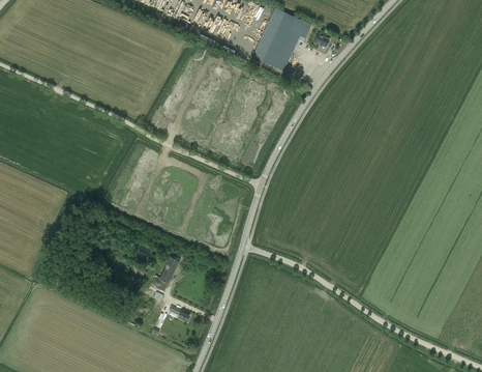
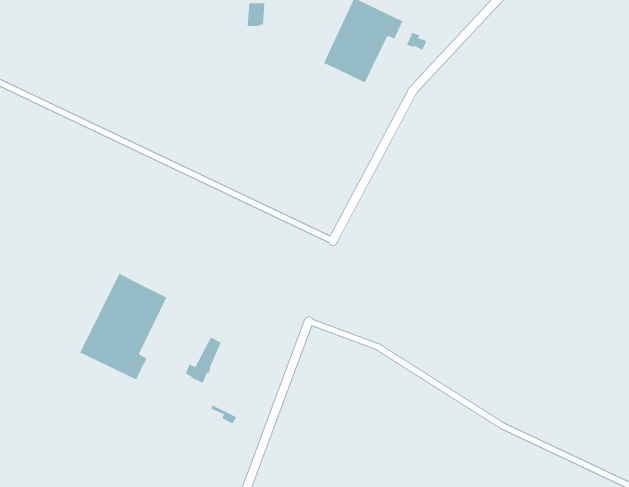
building: none -> [79,273,167,380]

